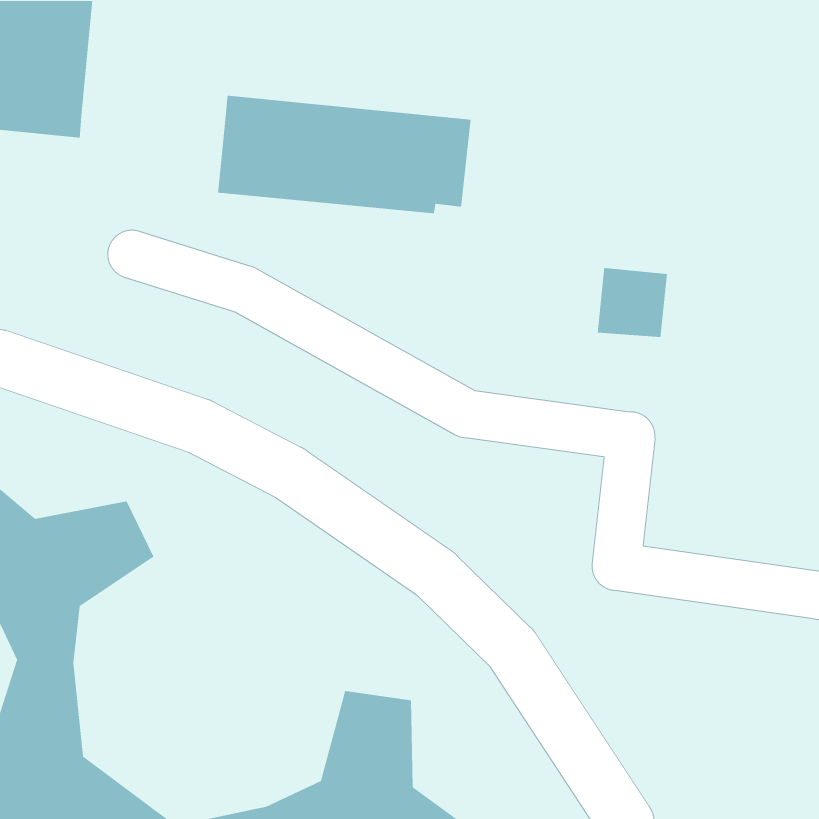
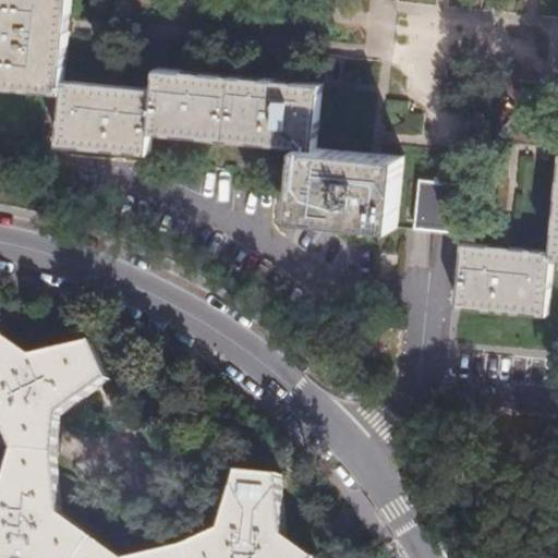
building: none -> [49,81,151,157]
building: none -> [288,141,403,227]
building: none -> [448,247,547,319]

